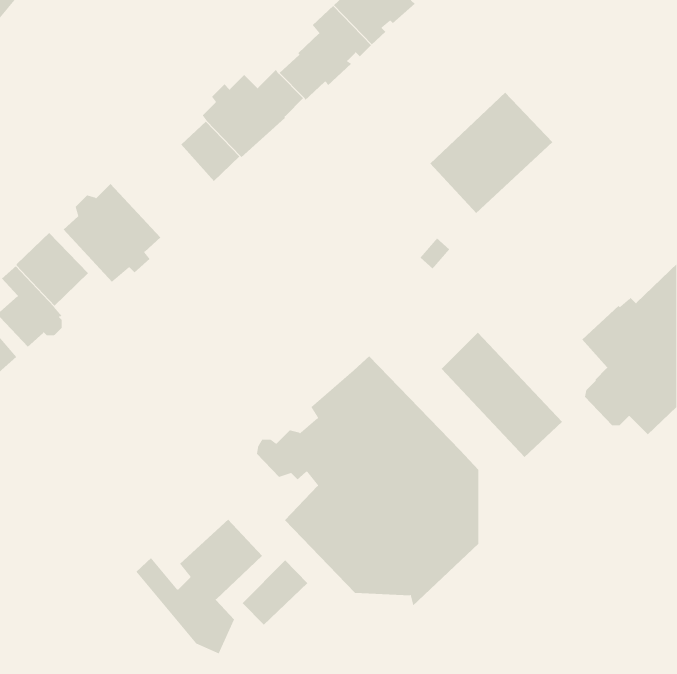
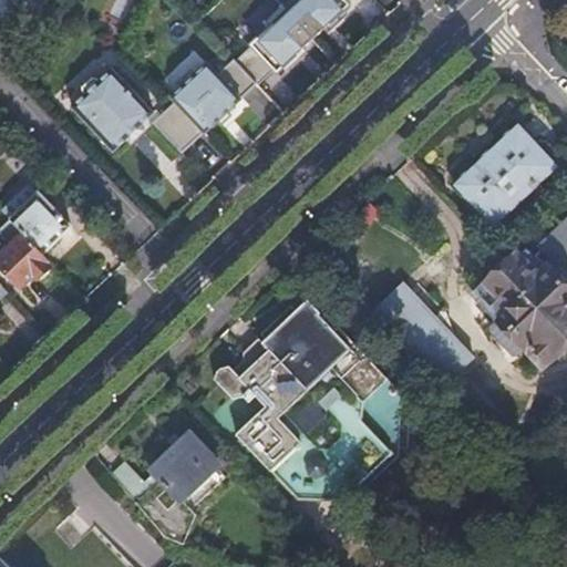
building: [430,92,553,214] -> [454,122,557,224]
building: [63,183,161,283] -> [69,66,151,150]
building: [242,559,308,626] -> none

